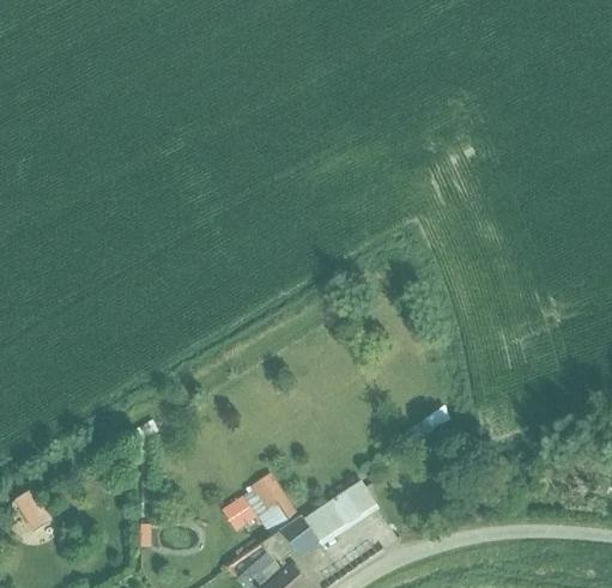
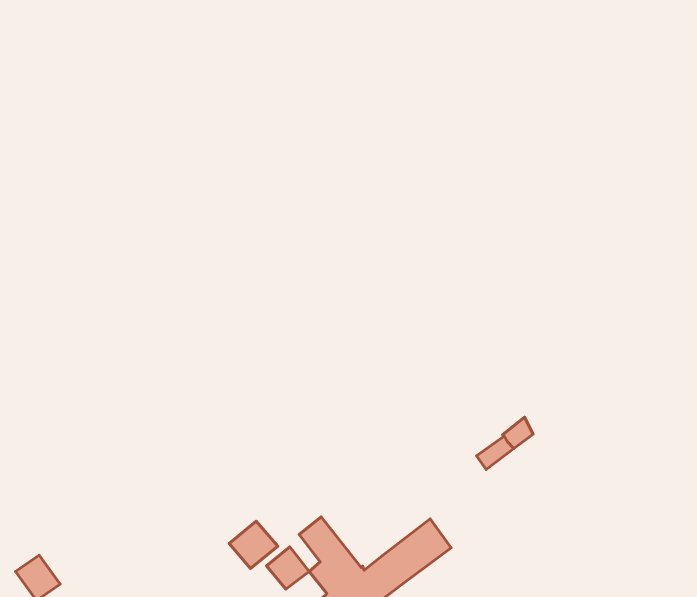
building: none -> [229,521,278,568]

